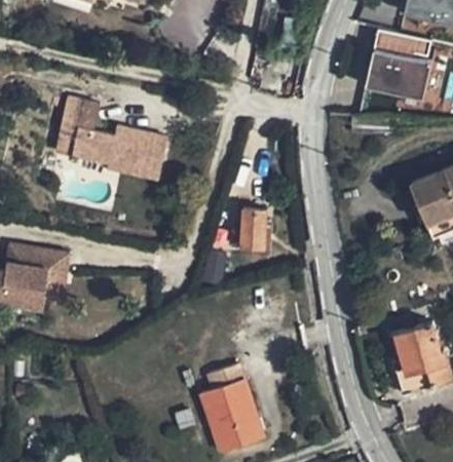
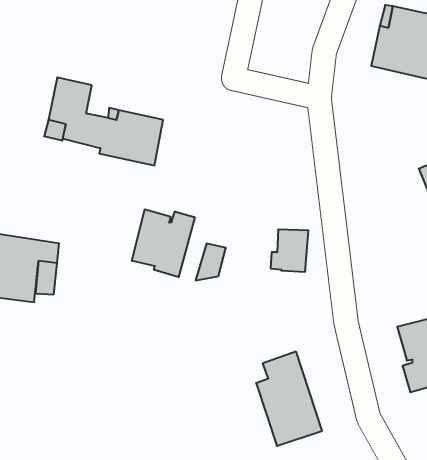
building: [231,208,267,248] -> [271,229,308,272]
building: none -> [132,209,195,277]
building: [201,363,264,453] -> [256,352,322,446]

